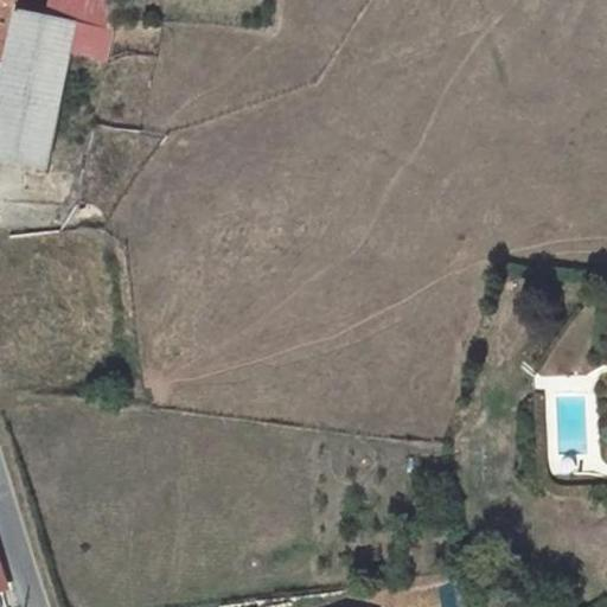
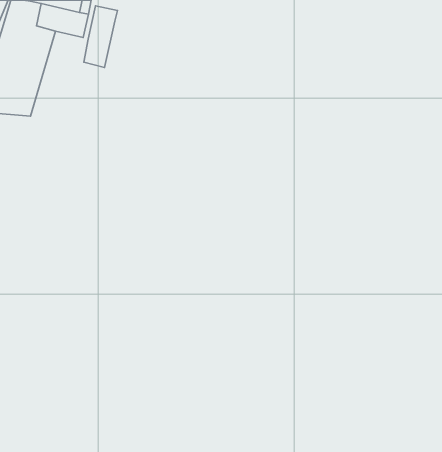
building: none -> [84,6,117,68]

